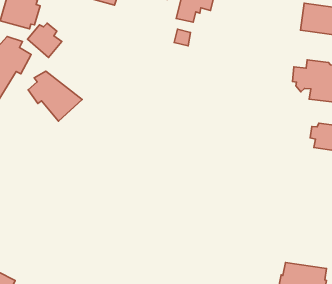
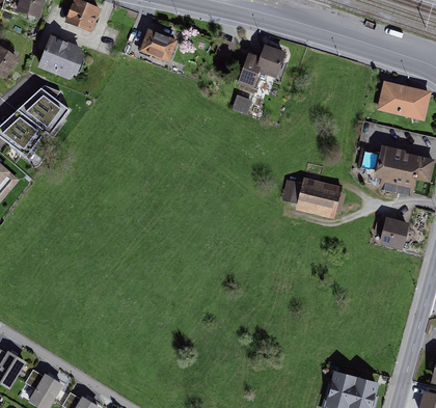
building: [27,23,62,57] -> none
building: [28,71,82,121] -> none
building: none -> [281,178,345,219]

